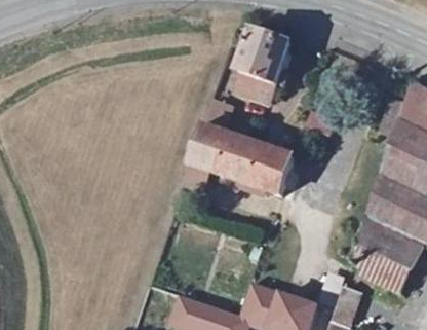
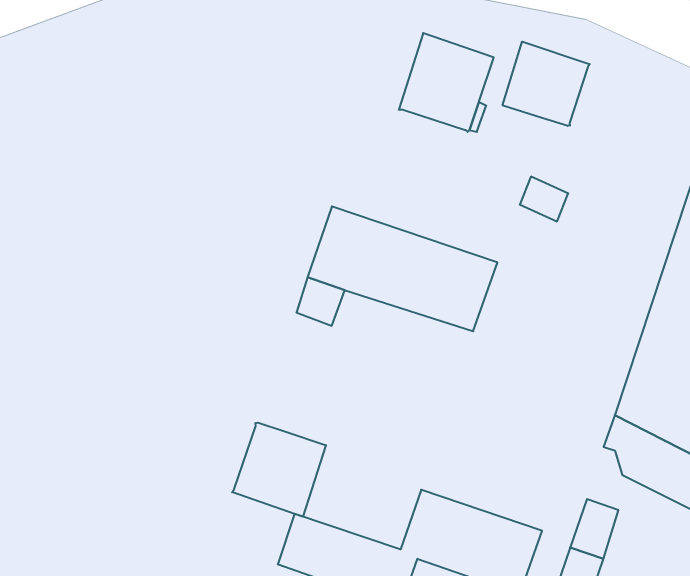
building: none -> [503,42,590,126]
building: [230,72,276,113] -> none
building: none -> [232,423,326,517]

